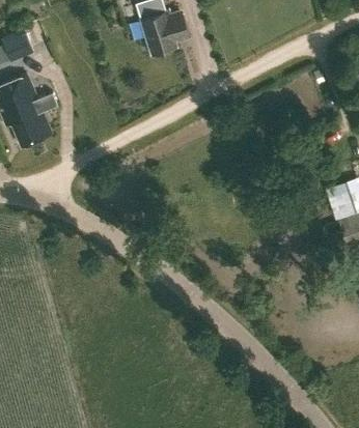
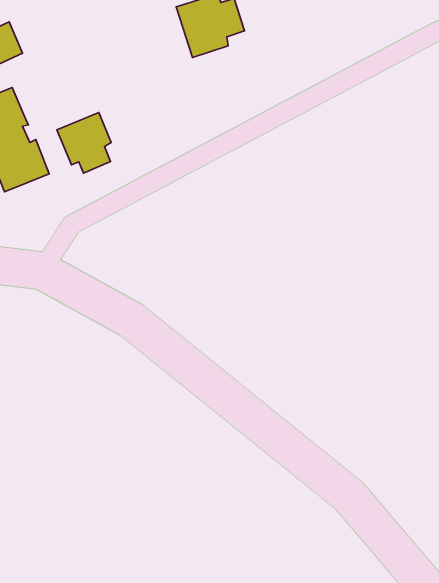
building: none -> [57,112,111,173]

